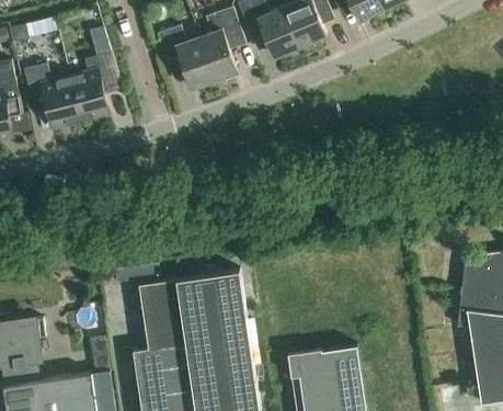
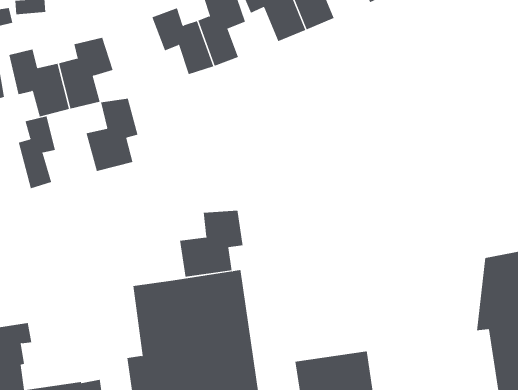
building: none -> [86,98,138,172]
building: none -> [18,115,55,189]
building: none -> [179,210,243,277]

